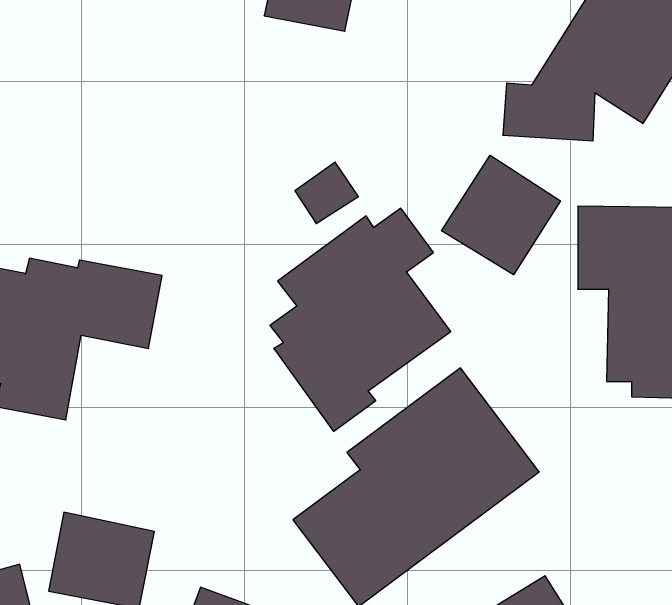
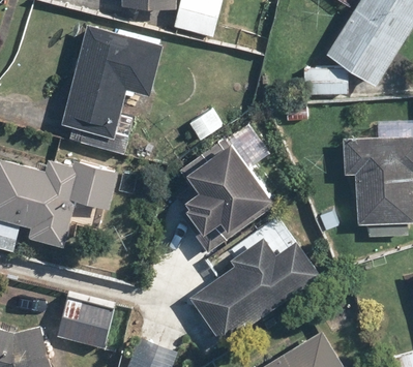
building: none -> [62,26,163,159]
building: [442,155,560,275] -> none

